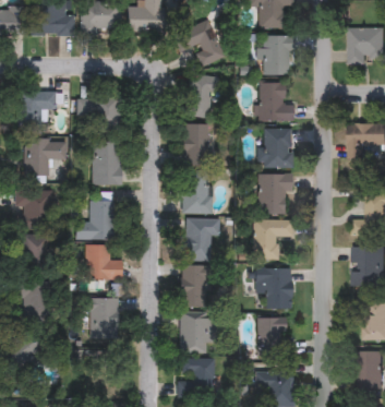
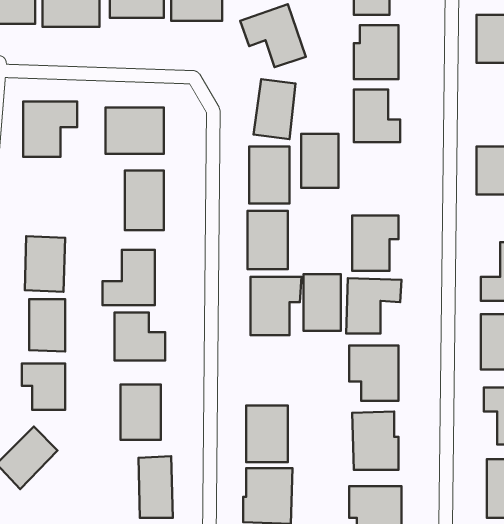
building: [265,129,292,168] -> [301,134,339,188]
building: [25,139,67,178] -> none
building: [182,265,209,307] -> [303,274,341,331]

